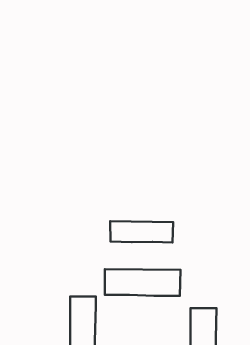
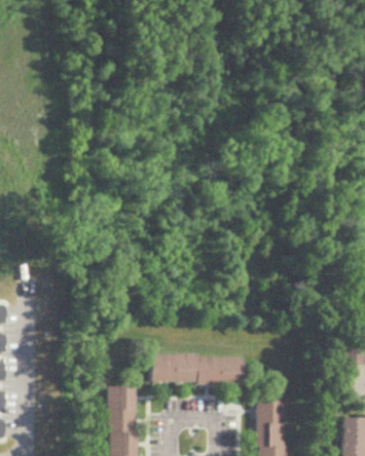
building: [110,221,173,242] -> none

